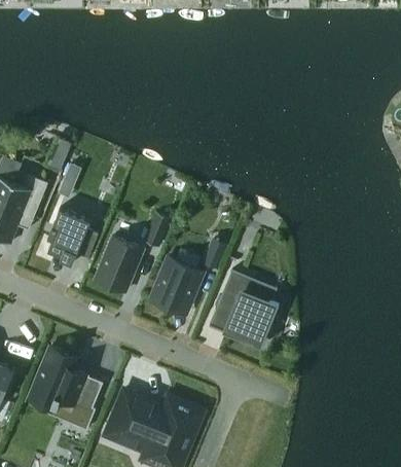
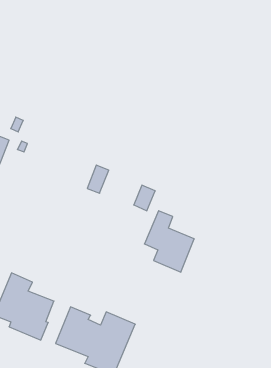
building: [47,207,98,263] -> none
building: [95,236,143,290] -> none
building: [150,258,202,311] -> none

